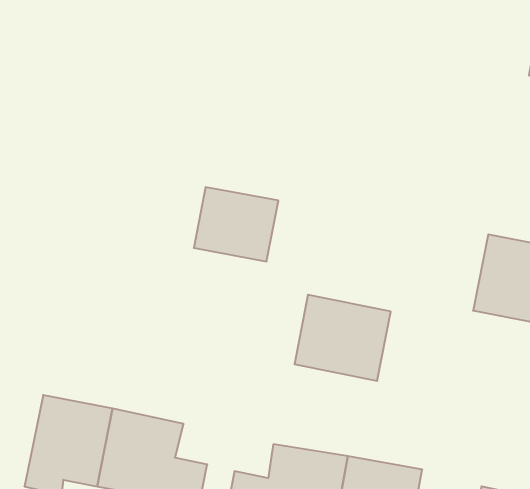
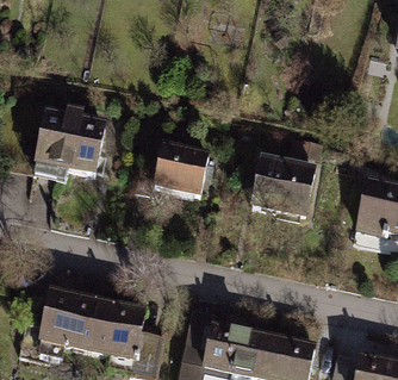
building: none -> [31,106,107,180]
building: [294,295,391,381] -> [253,156,321,217]

